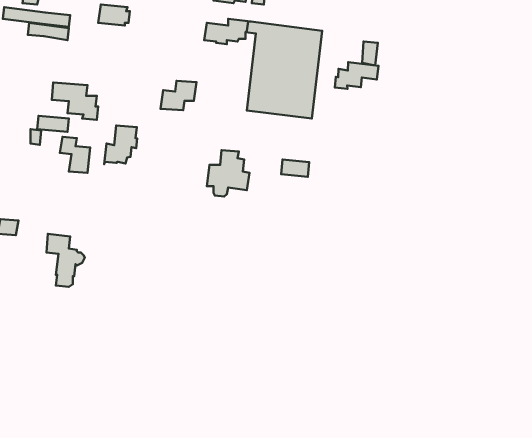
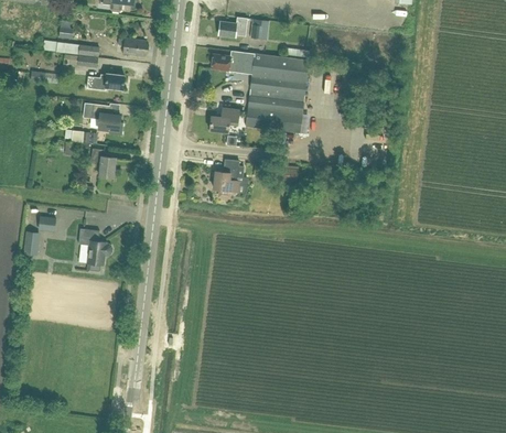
building: none -> [85,73,123,90]
building: [335,62,378,89] -> none
building: [161,81,196,110] -> [208,107,238,131]
building: [104,126,137,164] -> none

